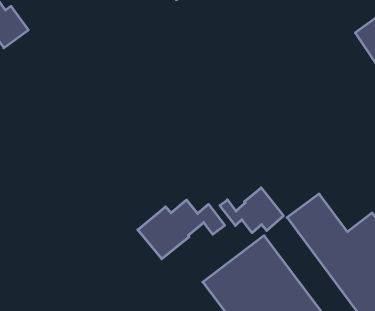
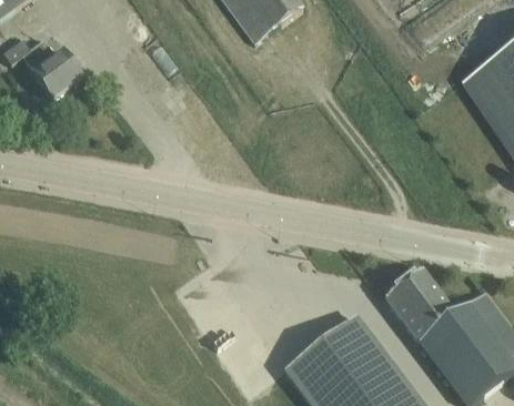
building: [220,188,283,233] -> none
building: [138,200,225,259] -> none

